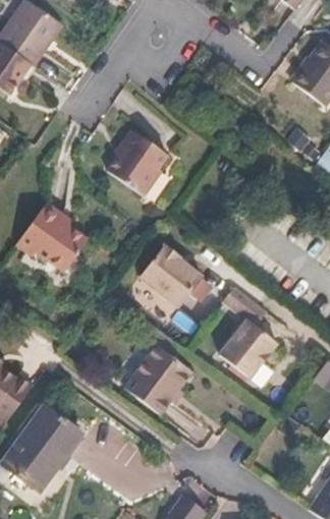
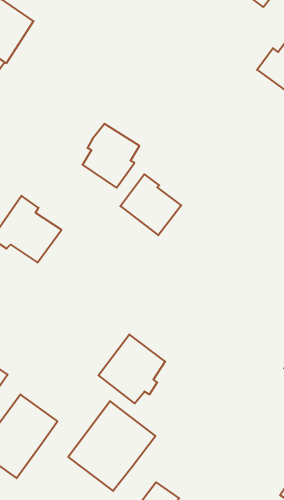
building: [141,243,203,305] -> [120,174,181,235]
building: [218,285,276,377] -> none
building: none -> [68,401,155,491]

